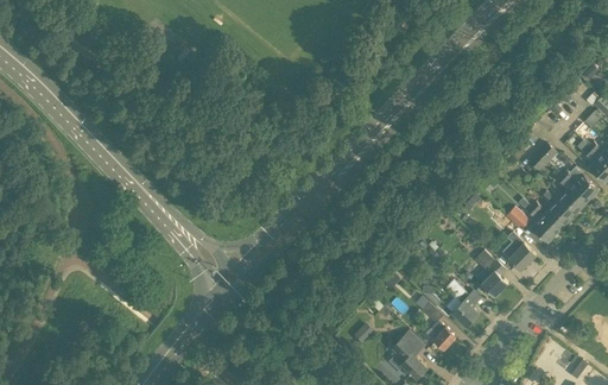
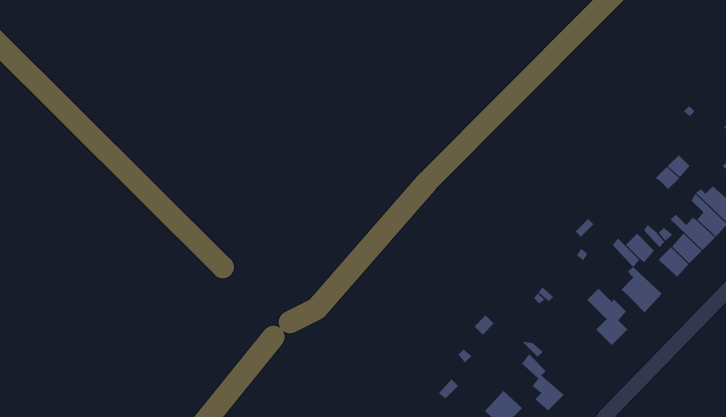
building: [445,282,477,328] -> none

